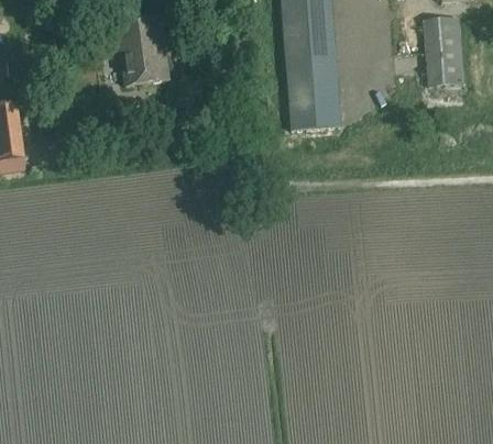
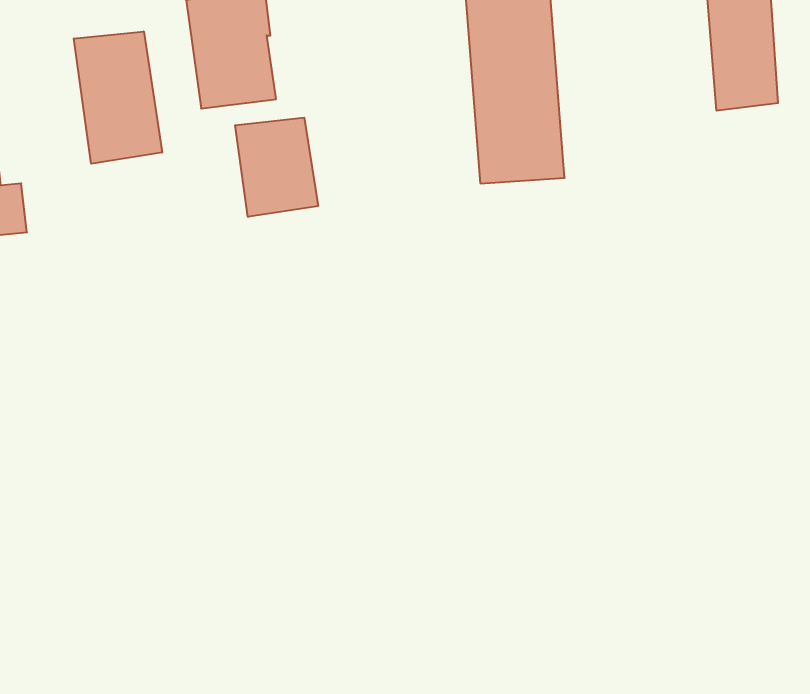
building: none -> [74,31,162,164]
building: none -> [235,118,318,217]

